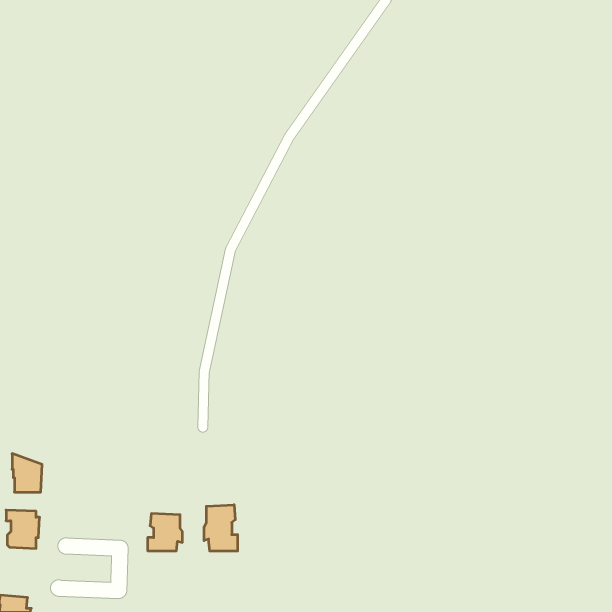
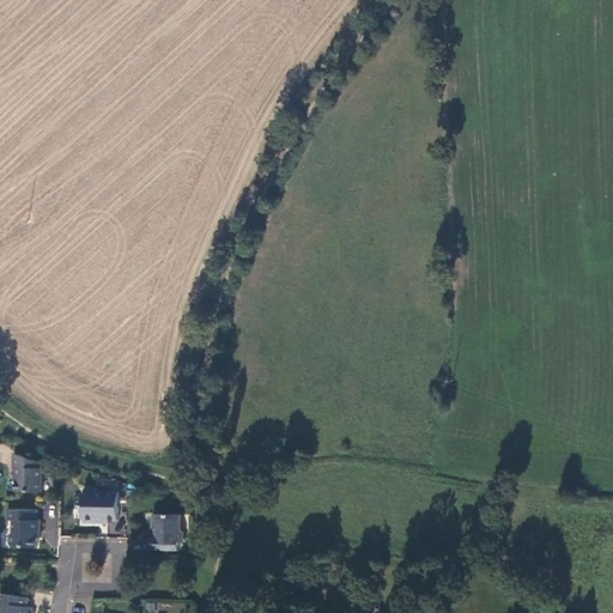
building: none -> [80,488,116,522]
building: [204,505,238,551] -> none

